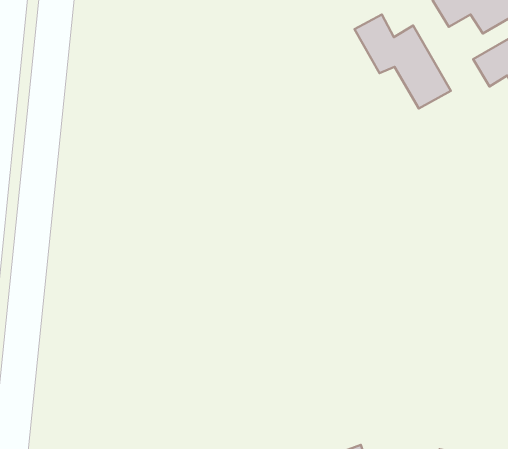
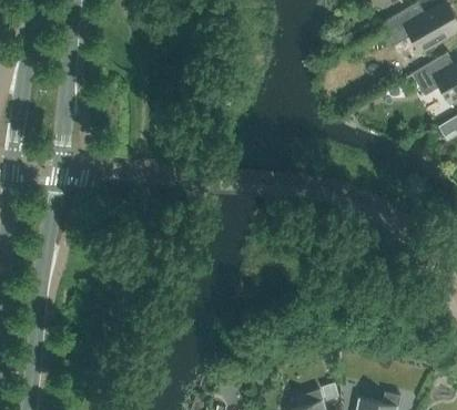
building: [354,15,451,109] -> none

